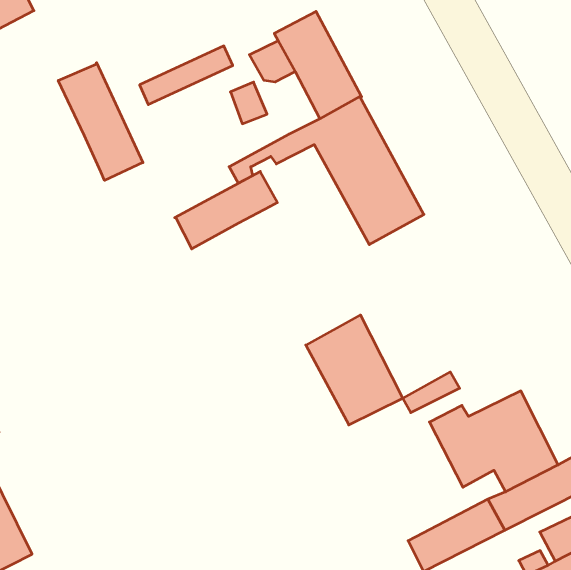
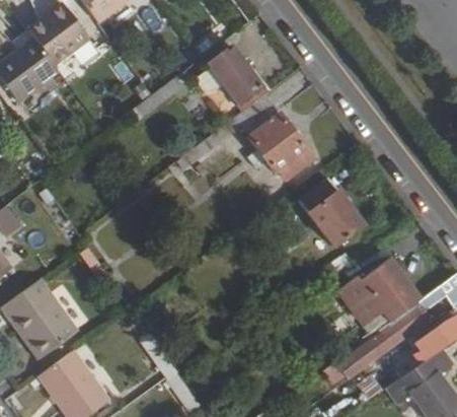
building: [58,63,143,180] -> none
building: [175,171,277,249] -> none
building: [306,315,403,425] -> [301,179,365,247]

